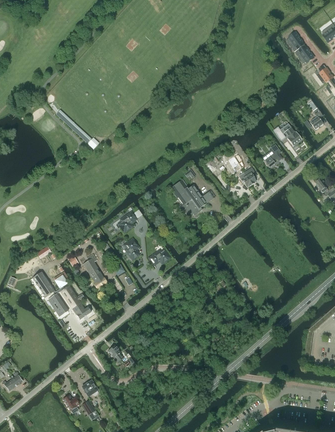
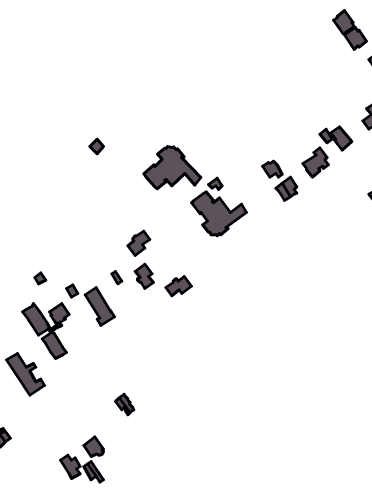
building: none -> [144,146,201,189]
building: [60,285,91,319] -> [6,354,44,395]

